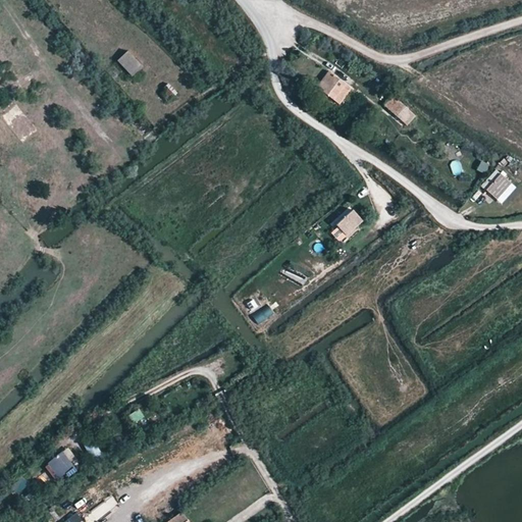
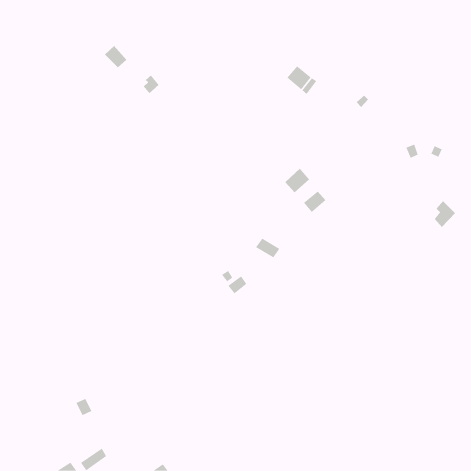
building: [486,169,511,200] -> [434,200,456,228]
building: none -> [284,168,310,193]
building: [45,452,74,479] -> none

